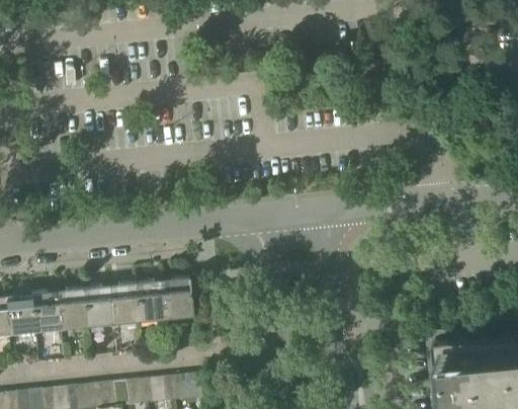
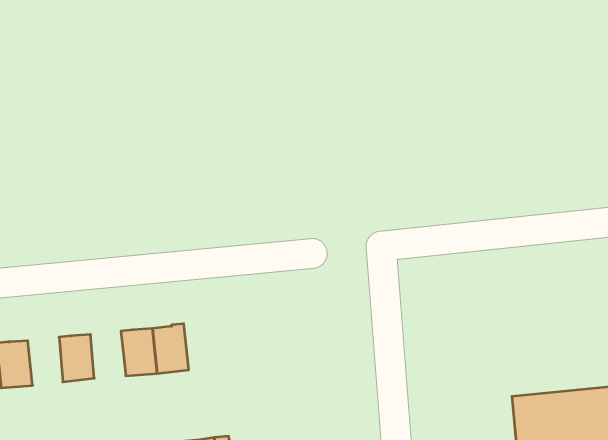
building: [157,275,189,317] -> none
building: [79,284,108,324] -> none
building: [26,290,56,330] -> none

